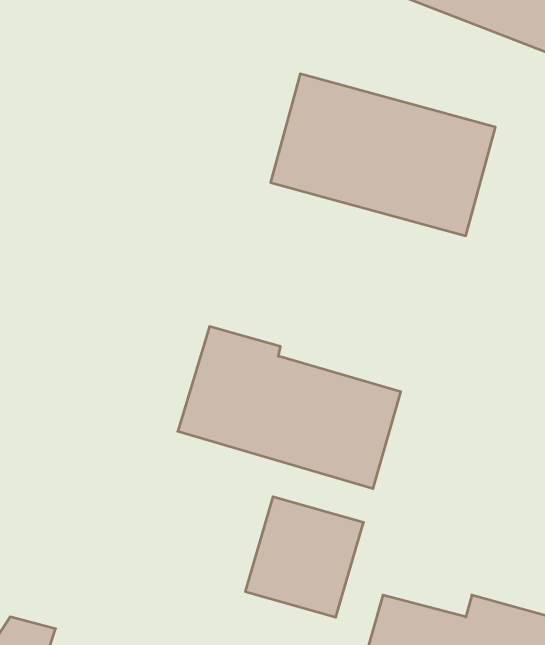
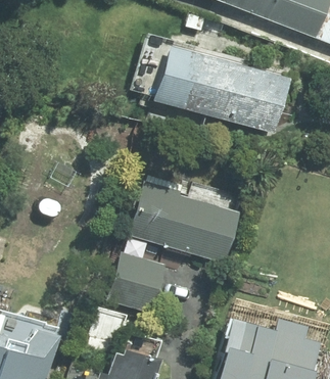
building: [245,497,364,617] -> [106,252,168,315]

